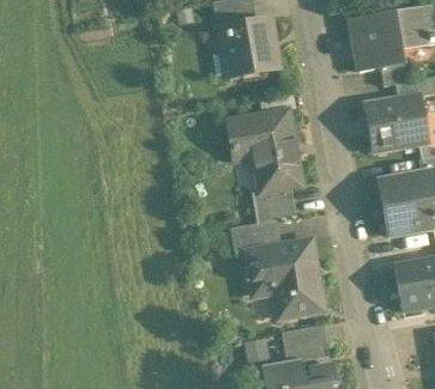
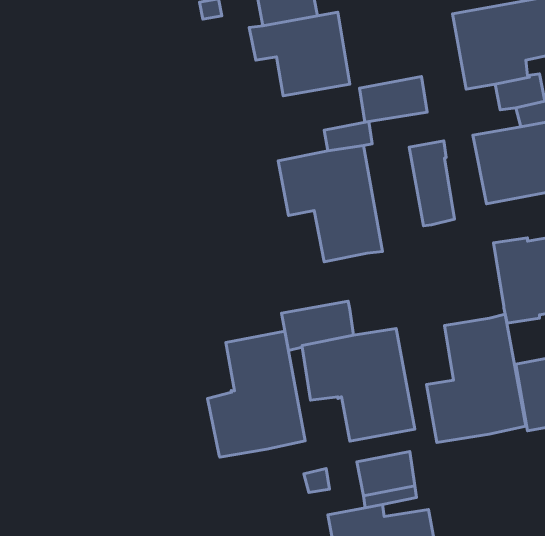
building: none -> [360,77,427,122]
building: none -> [409,141,455,226]
building: [253,186,295,221] -> none
building: none -> [427,314,526,442]
building: none -> [207,331,305,457]

